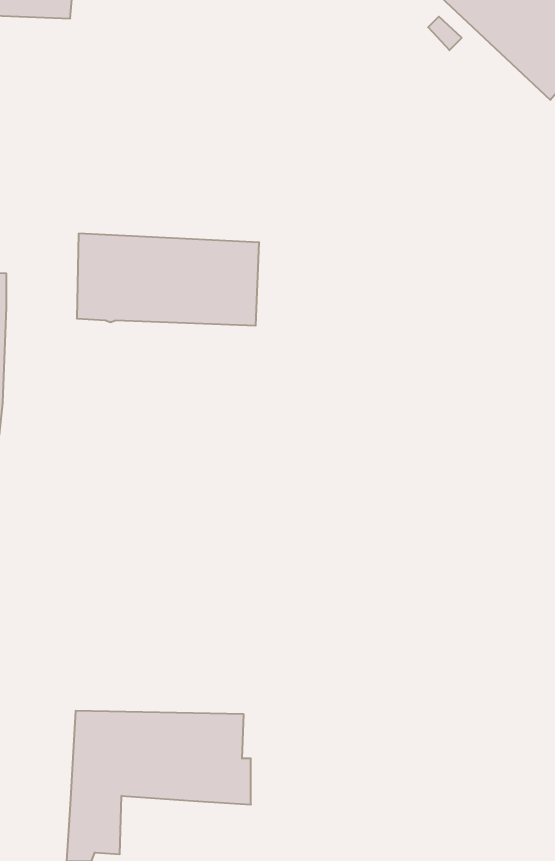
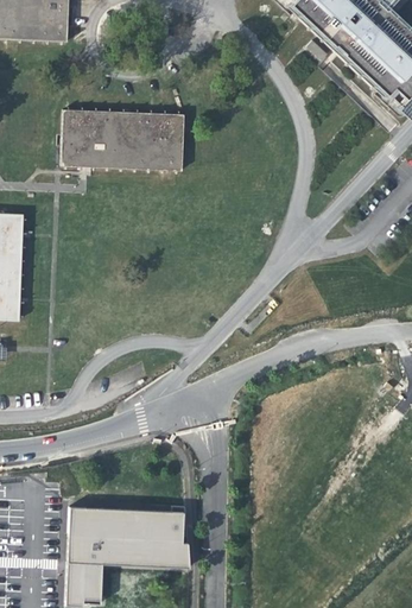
building: [77,234,259,326] -> [62,108,184,170]

